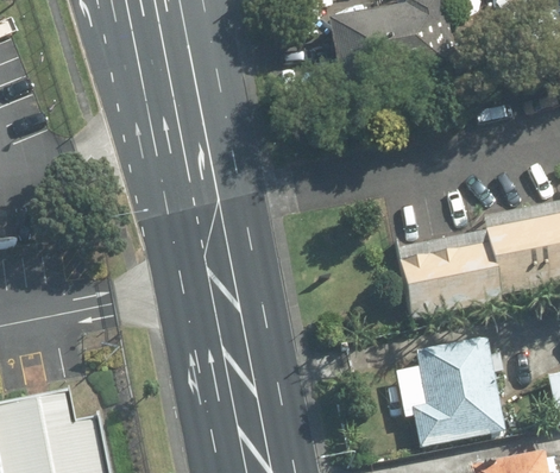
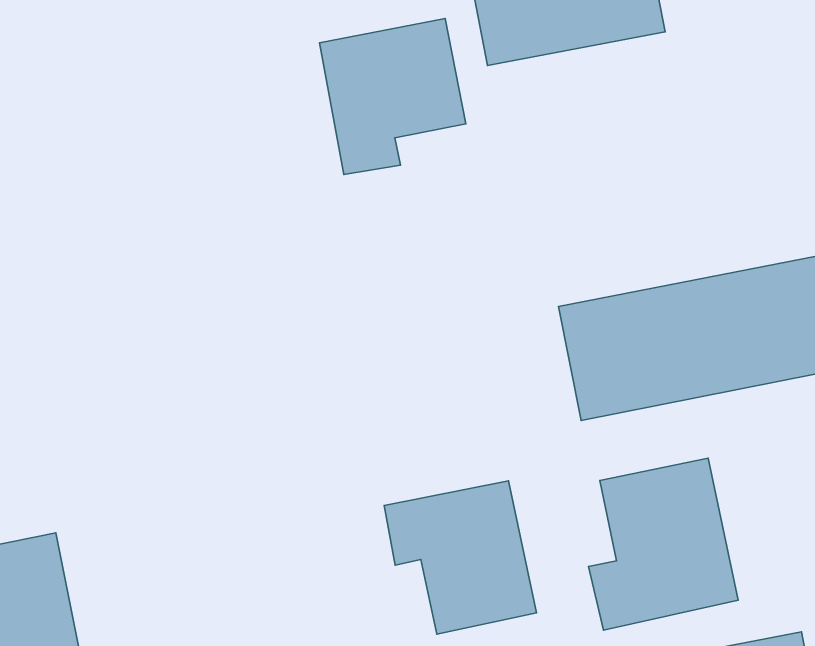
building: none -> [320,18,466,175]
building: none -> [384,481,536,634]

